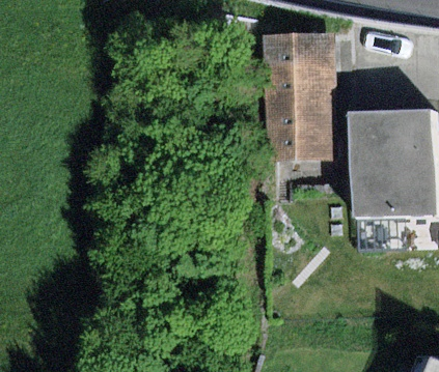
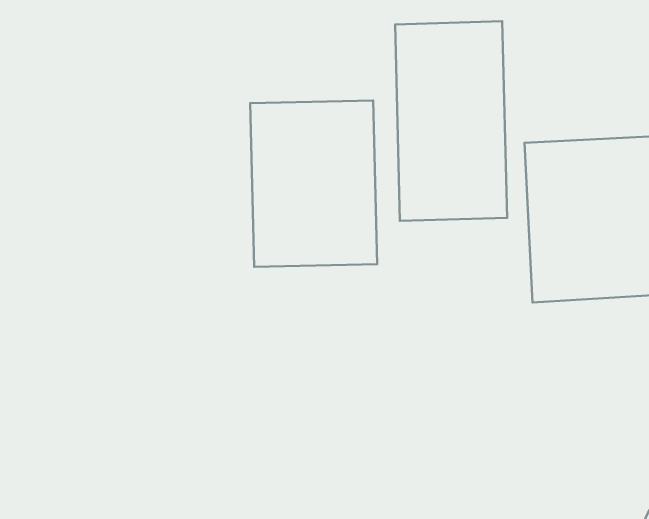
building: none -> [250,101,377,267]

